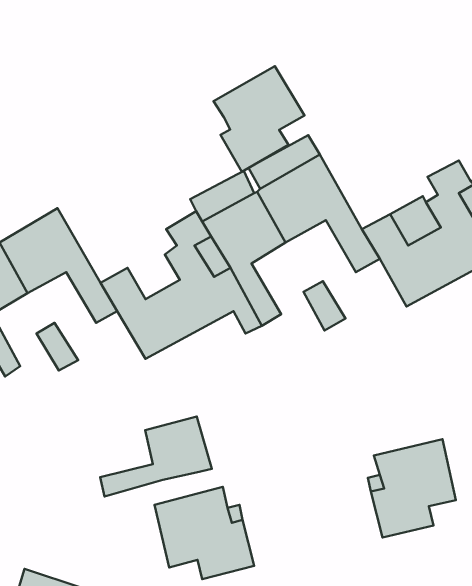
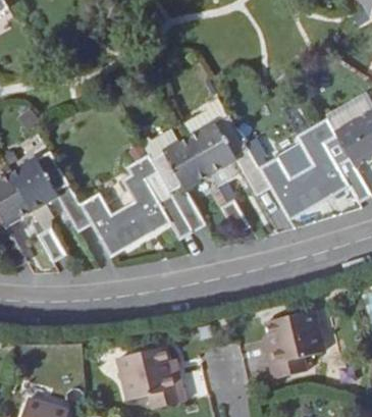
building: [213,66,305,172] -> none
building: [100,416,212,497] -> none

